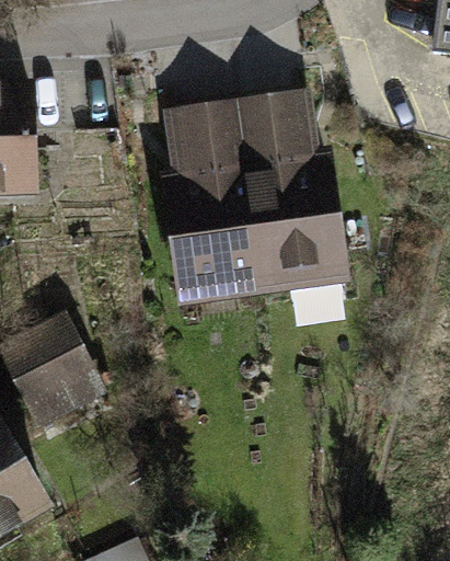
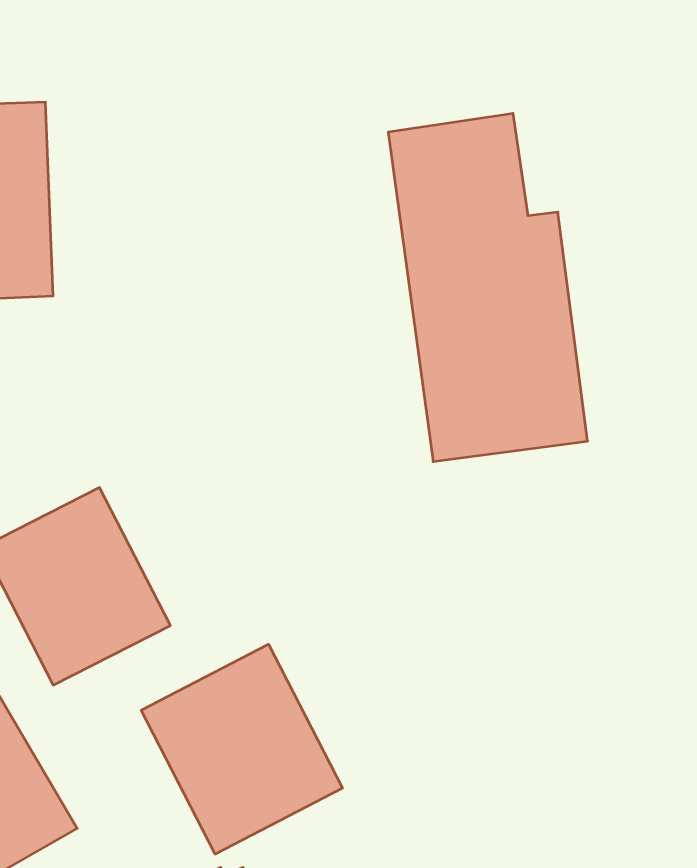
building: [161,100,262,305] -> none
building: none -> [141,644,342,854]

